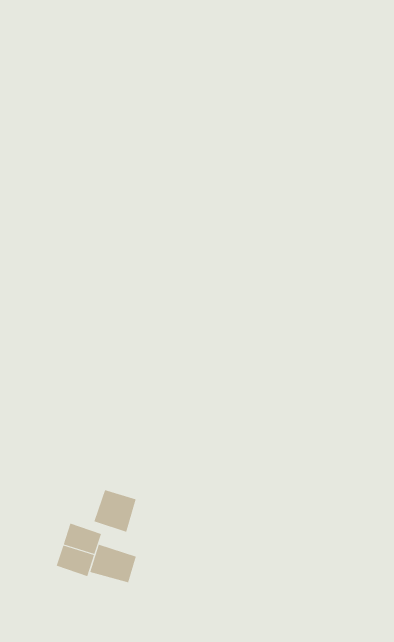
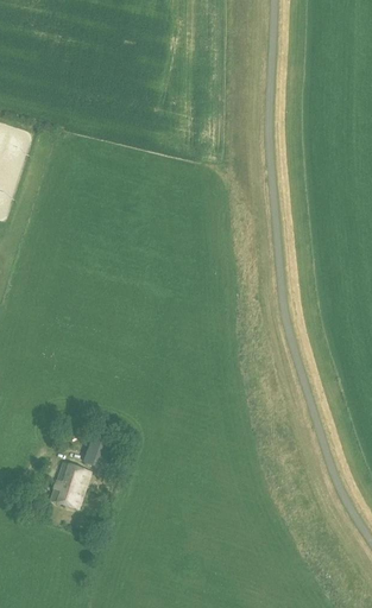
building: [89,544,136,583] -> none

